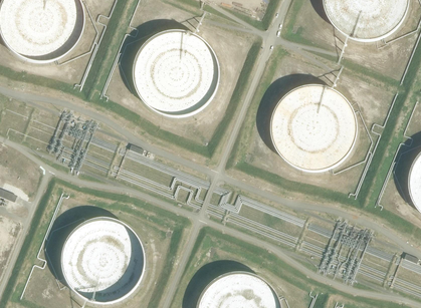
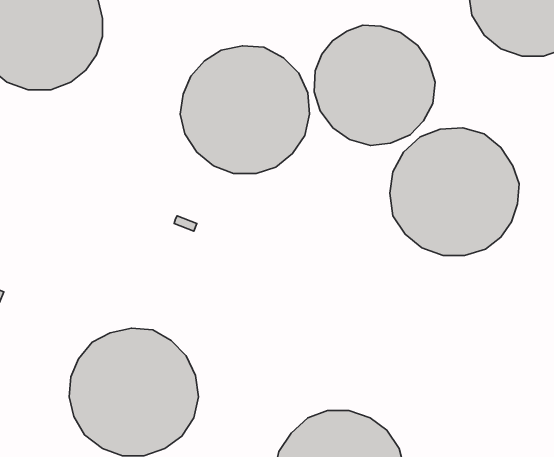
building: none -> [314,25,435,146]

